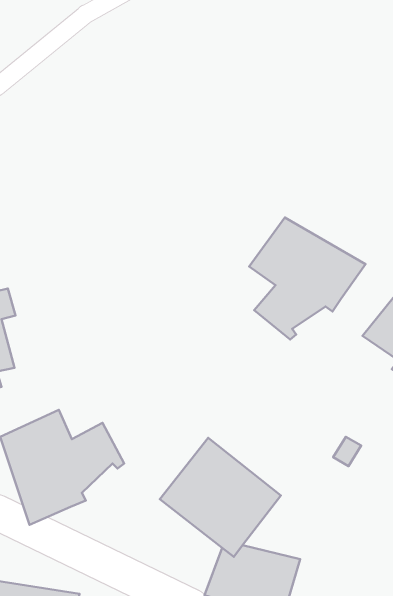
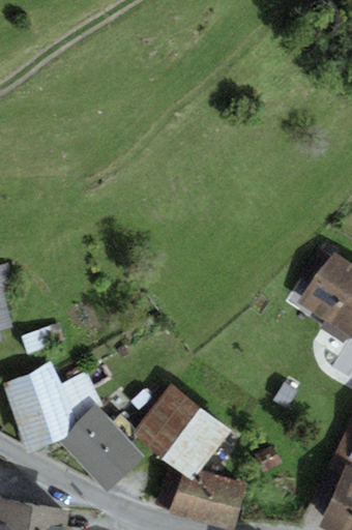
building: [249,217,365,339] -> none
building: none -> [60,406,145,493]

